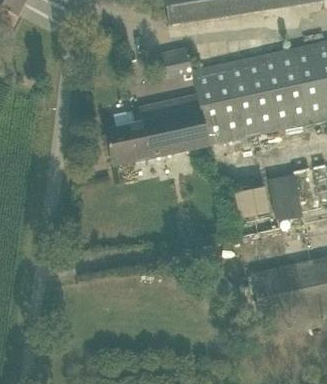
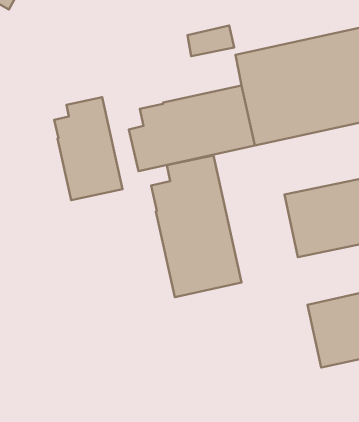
building: none -> [54,97,123,200]
building: none -> [151,155,241,297]

